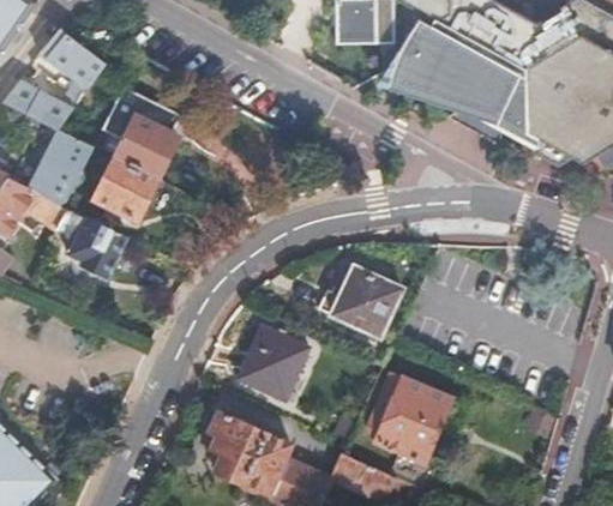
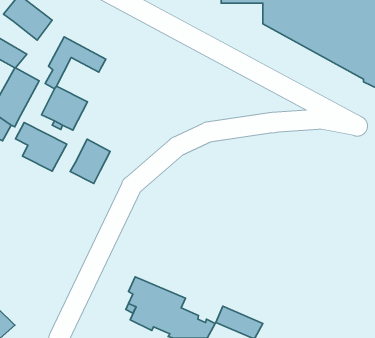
building: [112,115,175,176] -> none
building: none -> [70,139,110,184]
building: [329,267,398,337] -> none
building: [235,329,305,402] -> none
building: [368,377,463,463] -> none

